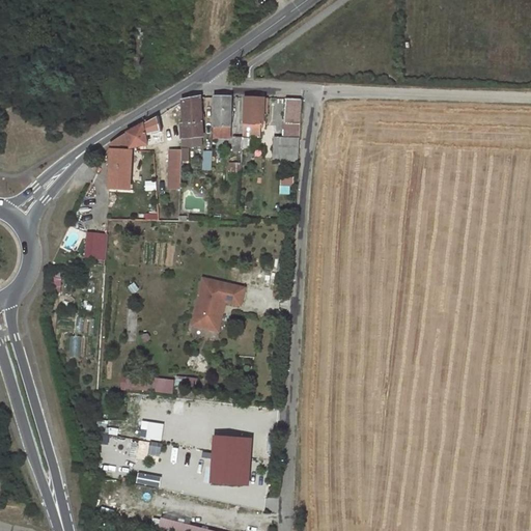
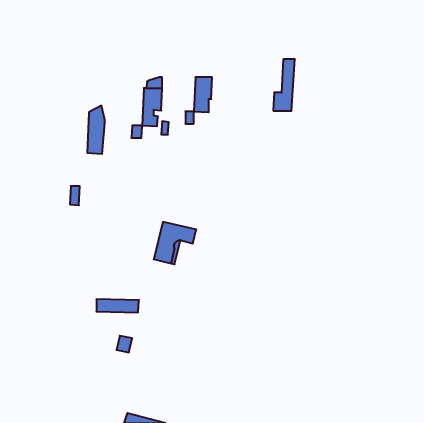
building: [212,95,231,139] -> none
building: [273,97,300,162] -> [273,59,295,111]
building: [127,119,155,149] -> none
building: [211,436,242,484] -> none

